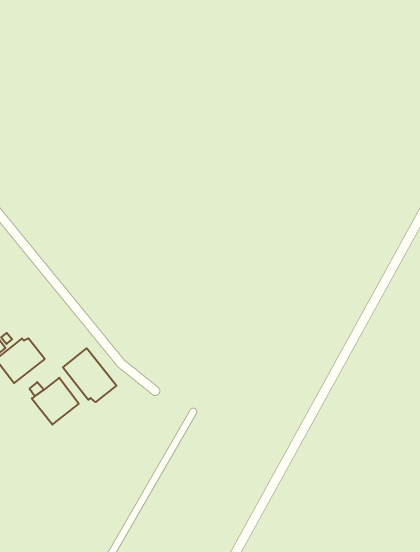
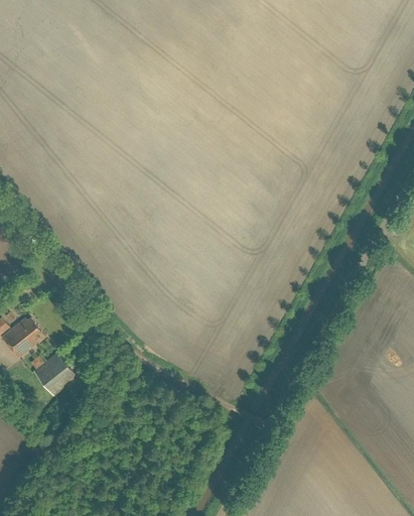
building: [63,348,116,402] -> none

